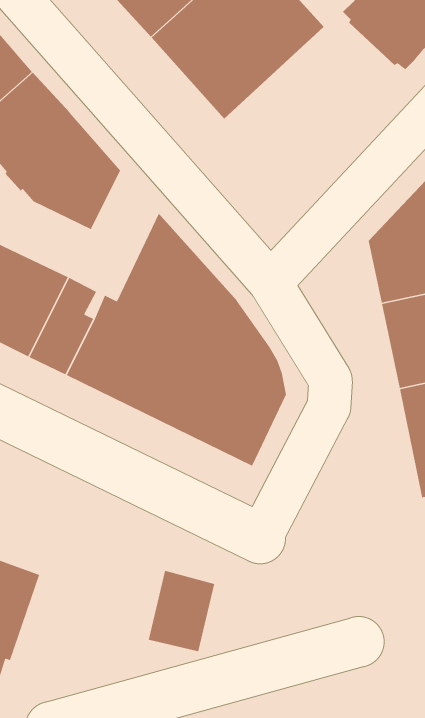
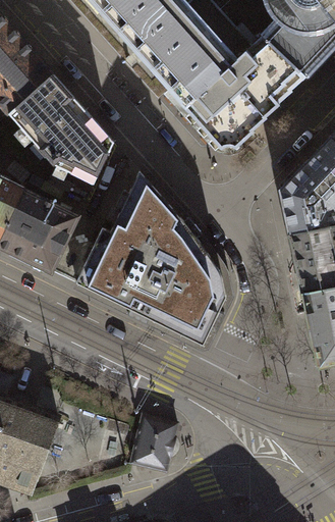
building: none -> [184,36,306,150]

